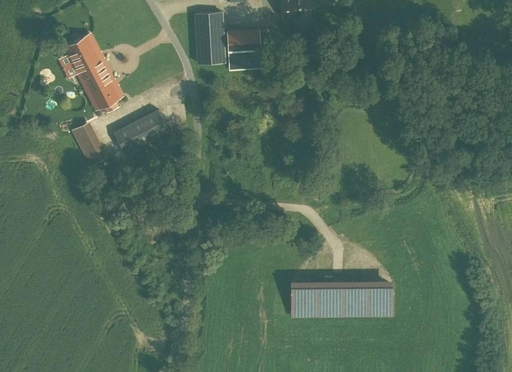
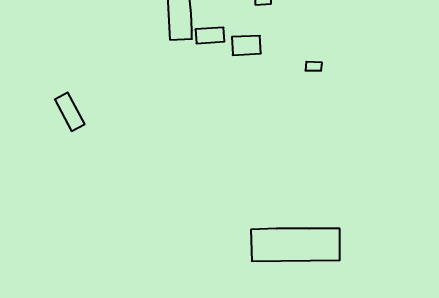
building: [227,30,260,52] -> [232,36,261,55]
building: [65,35,124,108] -> none
building: [114,110,169,152] -> none

